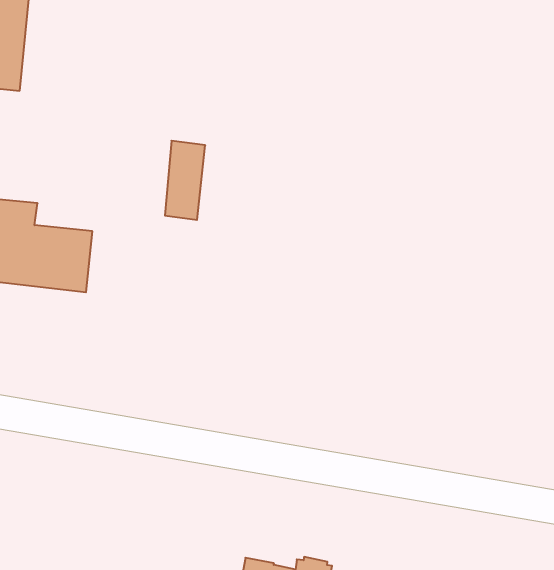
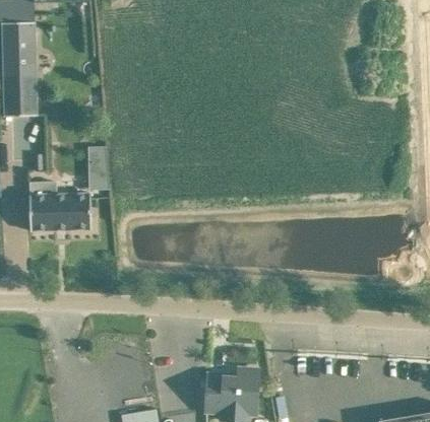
building: [165,141,205,220] -> [93,146,114,191]

